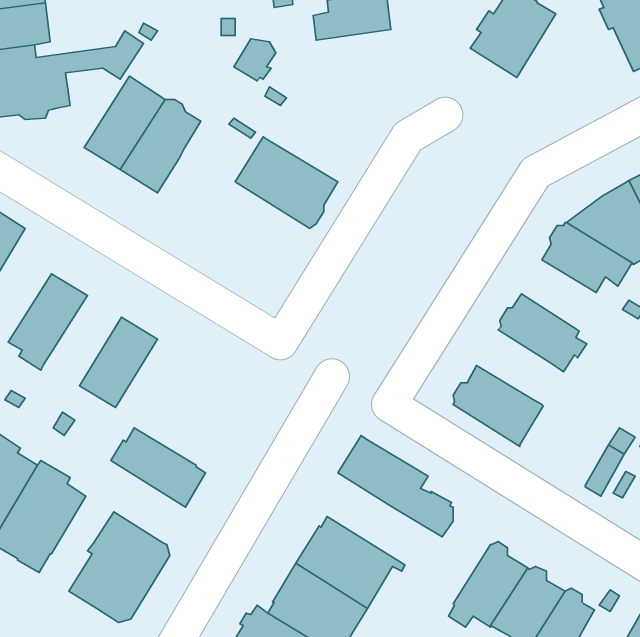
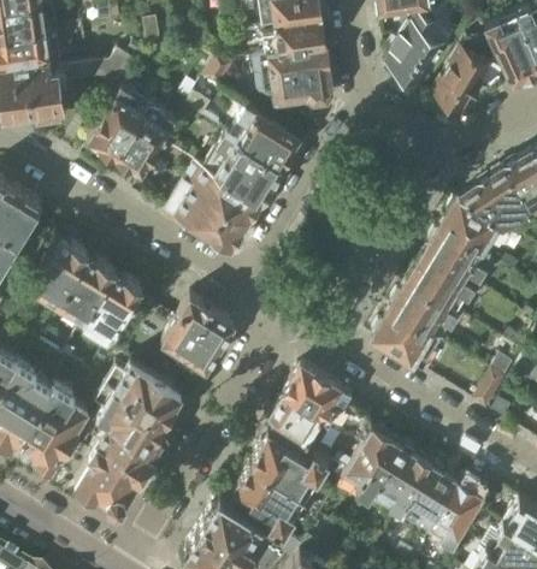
building: none -> [432,40,496,113]
building: none -> [250,51,330,103]
building: none -> [228,106,300,168]
building: none -> [159,143,260,254]
building: none -> [424,229,488,283]
building: none -> [54,256,114,326]
building: none -> [389,283,458,343]
building: none -> [161,297,234,377]
building: none -> [95,384,164,448]
building: none -> [266,393,332,450]
building: none -> [340,431,400,499]

